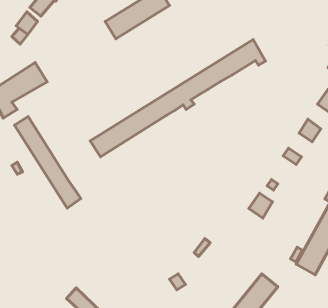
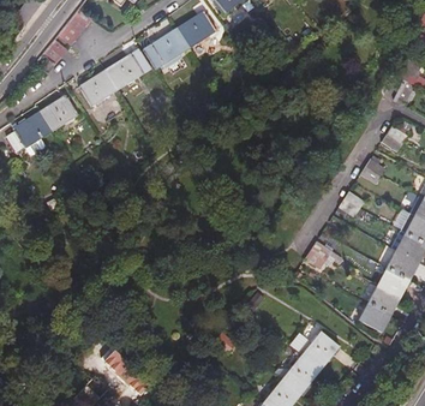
building: none -> [79,54,144,106]
building: [90,40,265,157] -> none
building: [15,117,81,208] -> none

